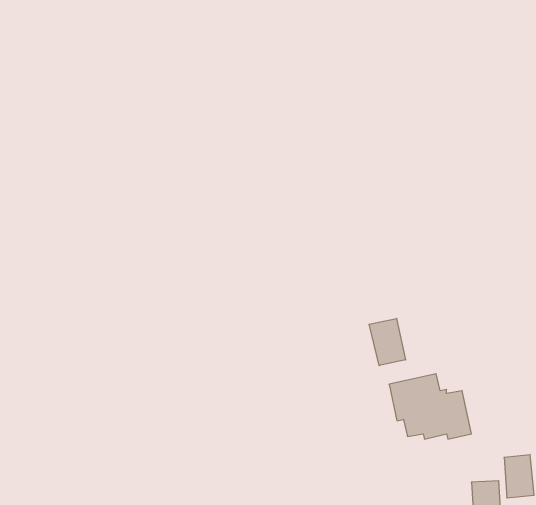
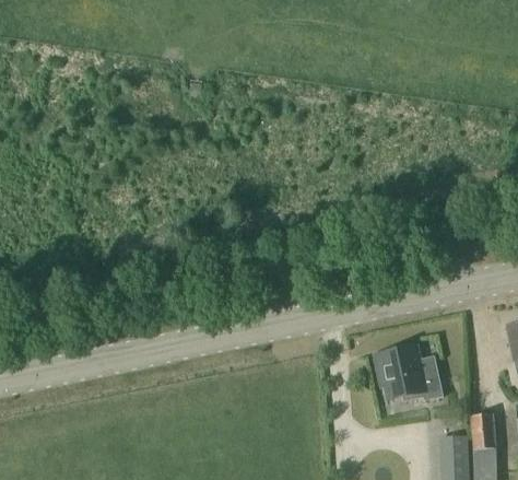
building: [369,318,406,366] -> none

